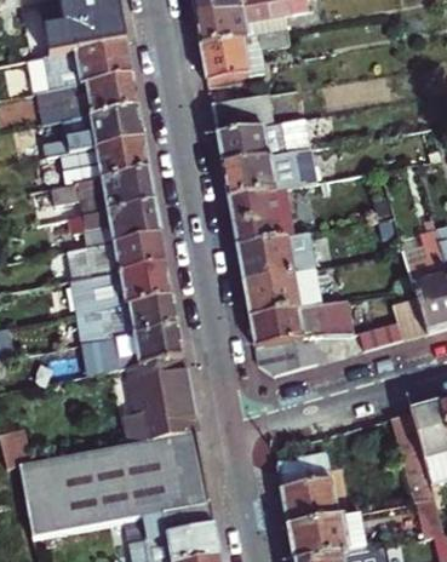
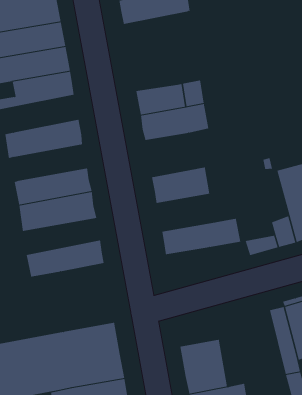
building: [205,31,292,85] -> none
building: [216,97,275,134] -> none
building: [57,139,148,188] -> none
building: [233,189,298,246] -> none
building: [62,203,159,251] -> none
building: [247,268,323,316] -> none
building: [74,299,176,346] -> none
building: [259,337,320,374] -> none
building: [122,357,194,446] -> none

